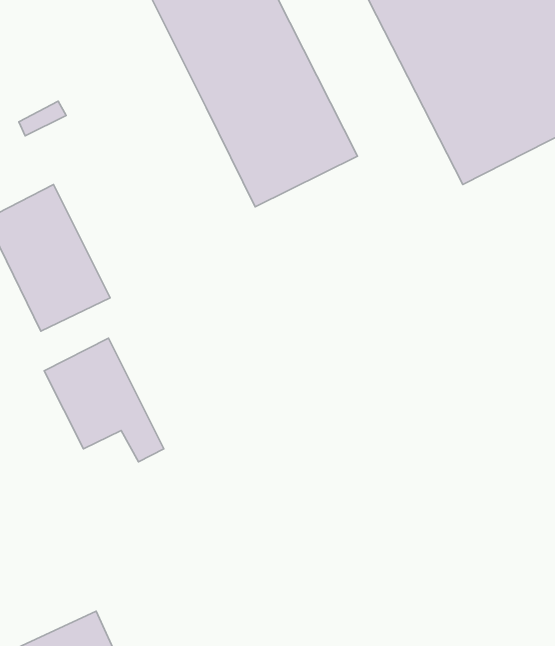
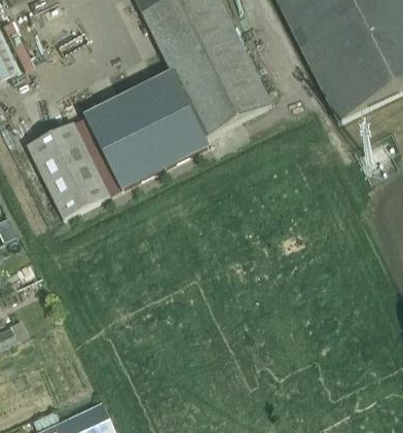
building: none -> [83,71,207,189]
building: [44,338,164,462] -> none

